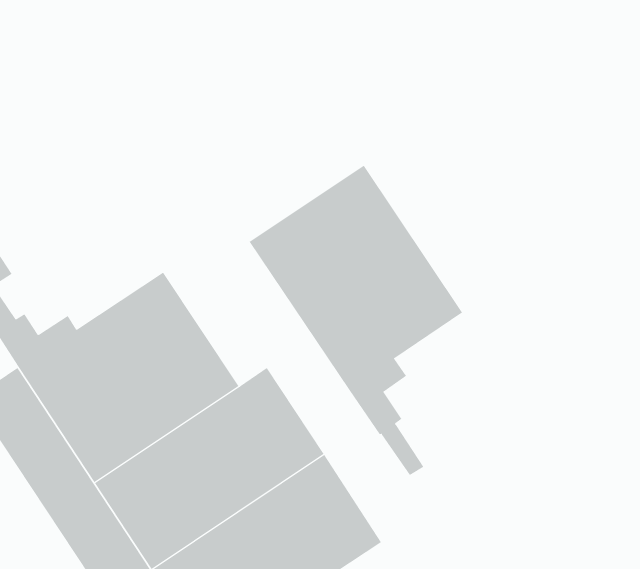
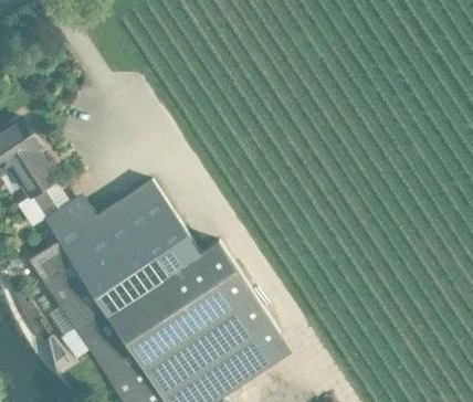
building: [249,165,463,476] -> none

